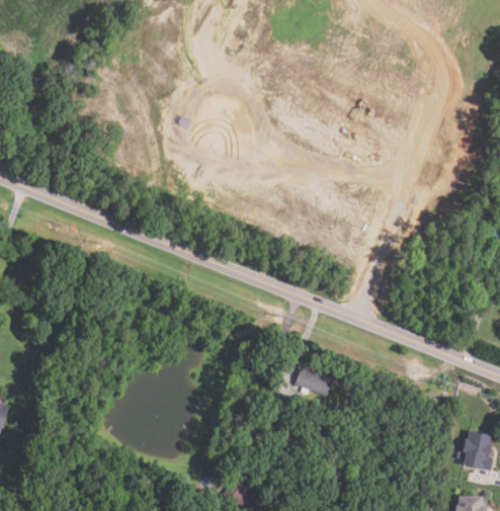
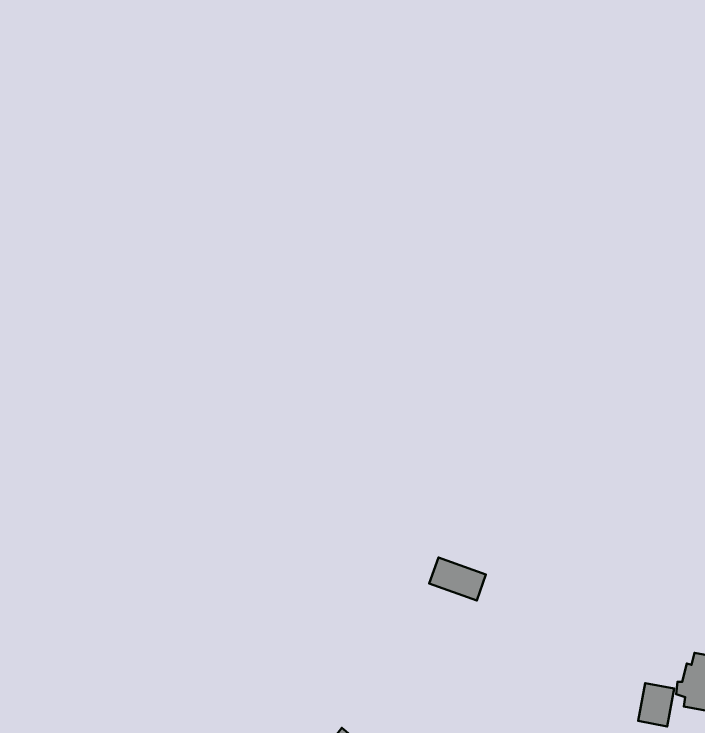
building: none -> [638,683,674,726]

